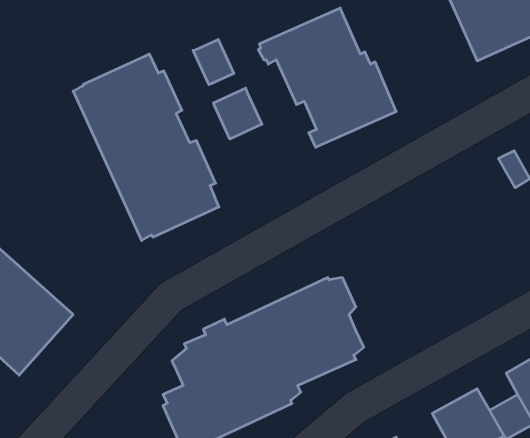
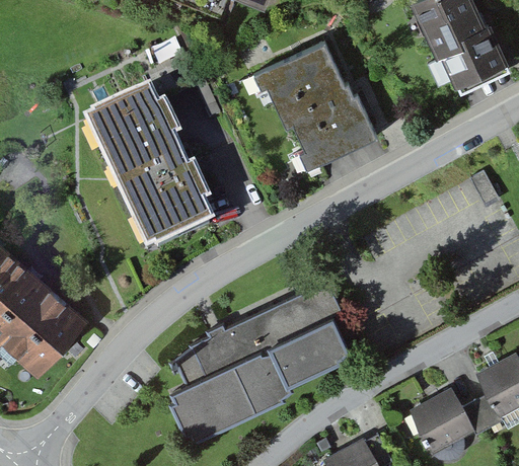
building: [193,39,234,85] -> none
building: [214,88,262,139] -> none

